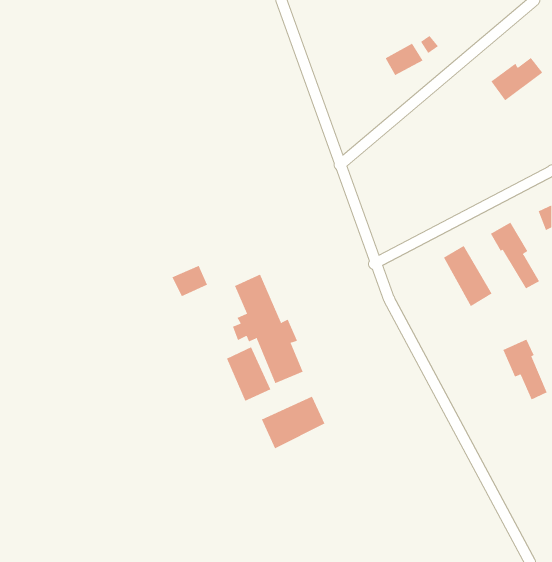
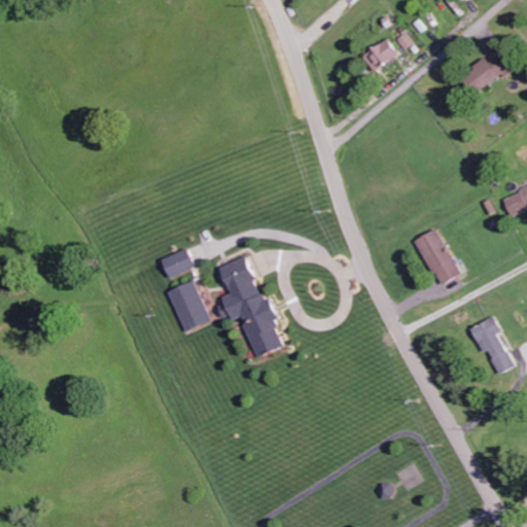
building: [490,222,540,289] -> none
building: [226,346,271,401] -> [168,281,210,332]
building: [261,396,325,449] -> none

